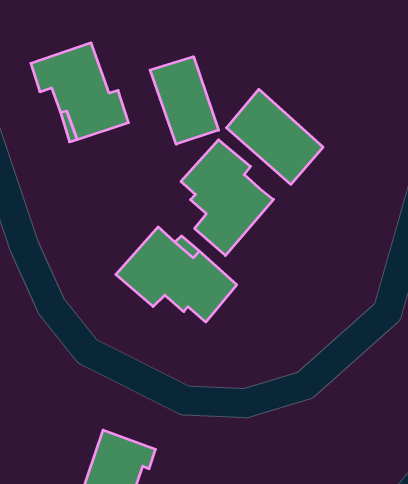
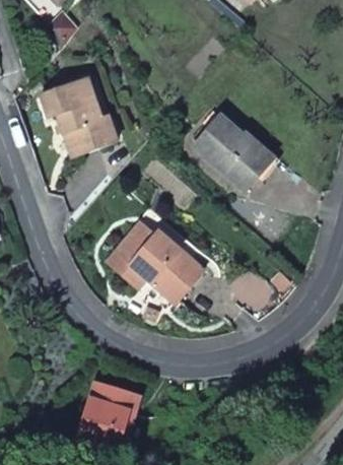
building: [150,57,219,144] -> none
building: [181,140,274,256] -> none

